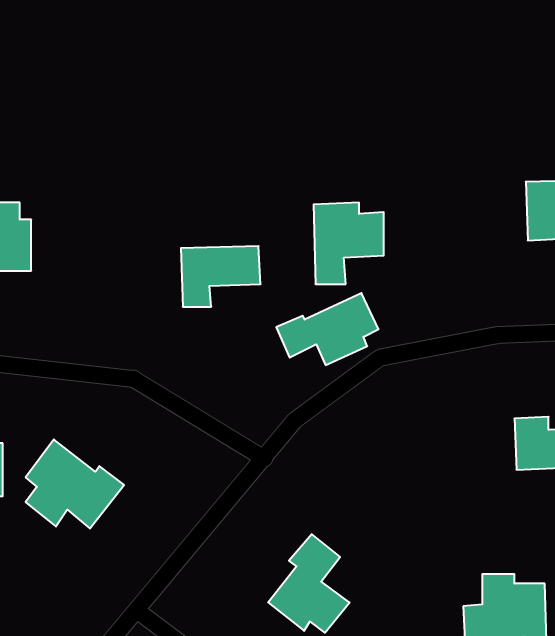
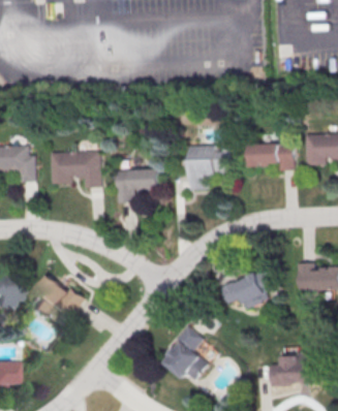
building: none -> [248,143,294,169]
building: none -> [50,150,99,187]
building: [276,293,379,365] -> [219,268,275,308]

